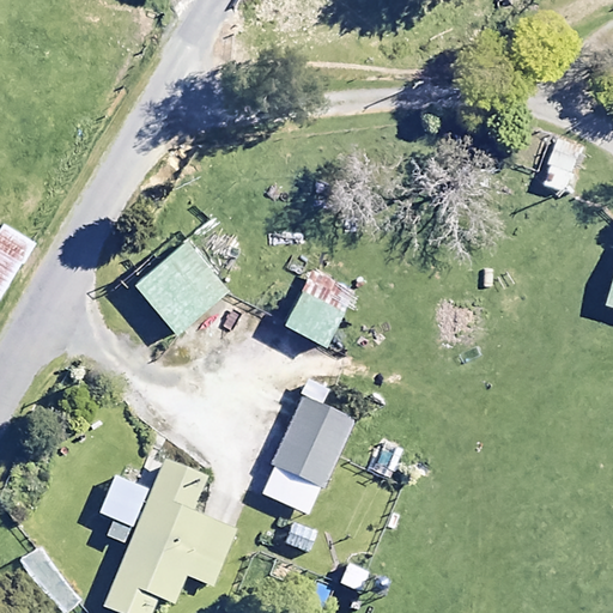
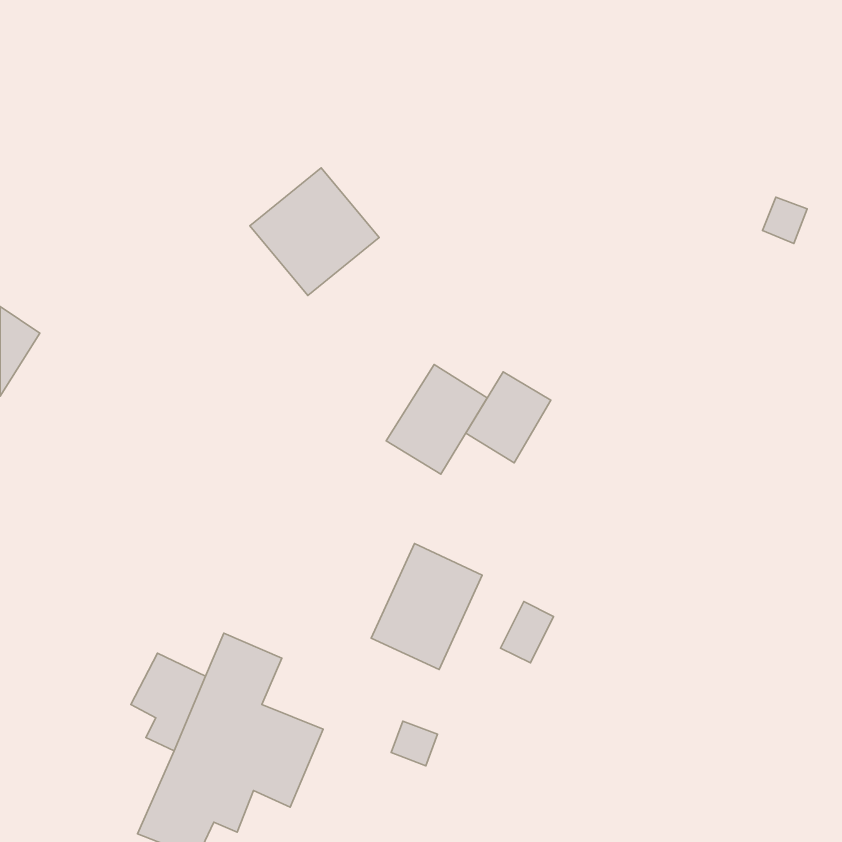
building: [134,242,227,334] -> [250,168,379,295]
building: none -> [466,372,551,463]

